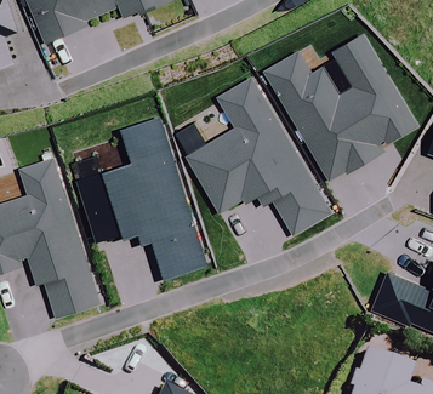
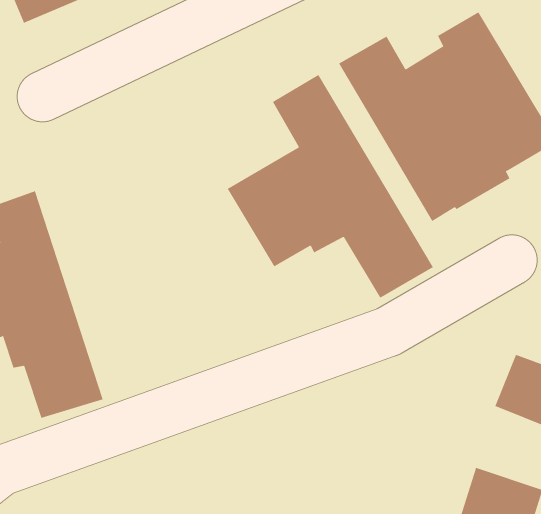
building: [79,115,209,276] -> none

